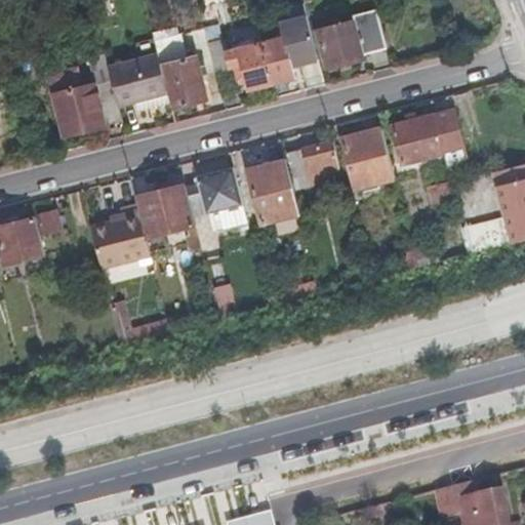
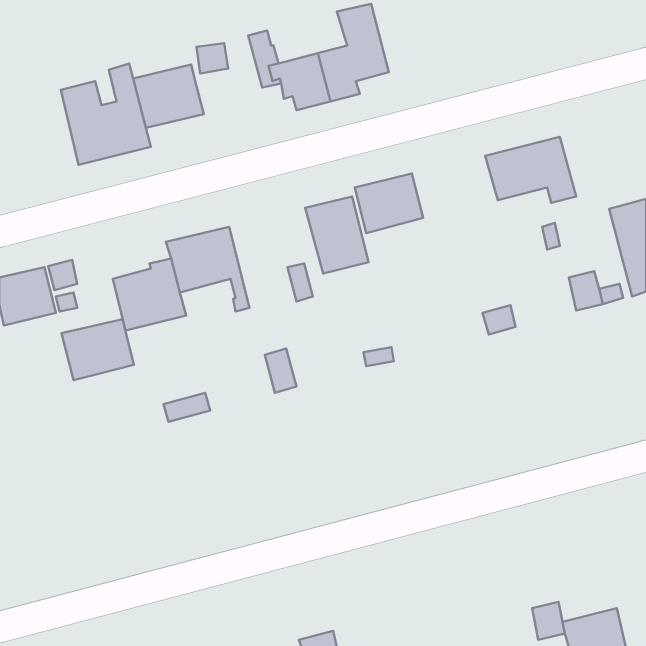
building: [313,8,382,70] -> none
building: [158,57,204,109] -> none
building: [341,129,395,187] -> none
building: [196,167,244,215] -> none
building: none -> [61,319,134,380]

